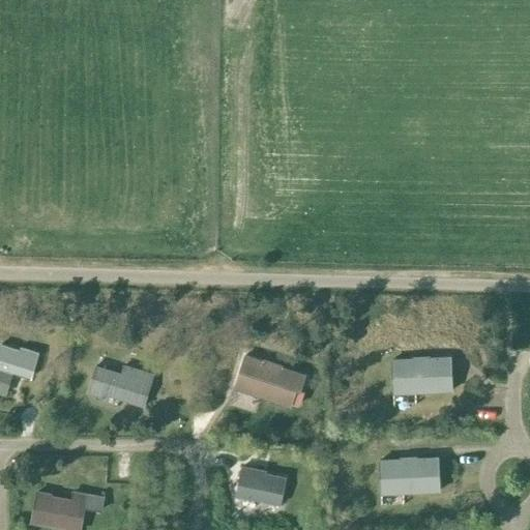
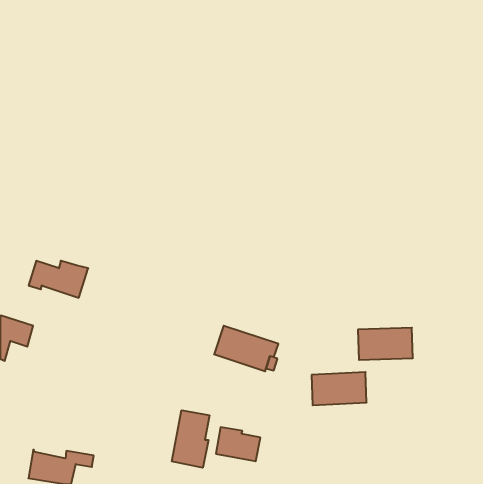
building: [89,366,154,407] -> [29,261,88,298]
building: none -> [172,410,209,468]
building: [380,458,440,494] -> [312,372,367,405]

